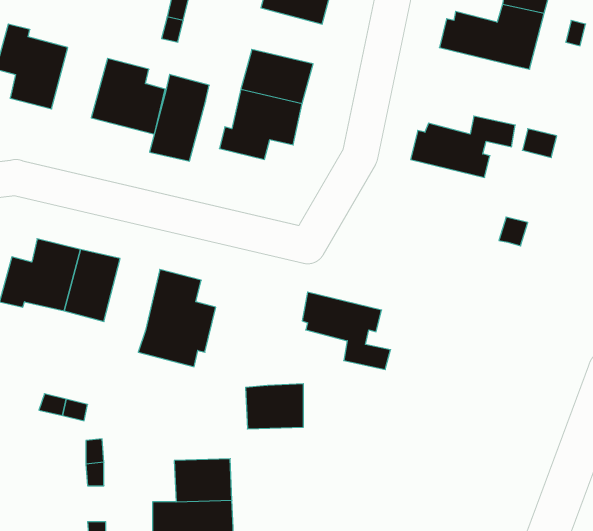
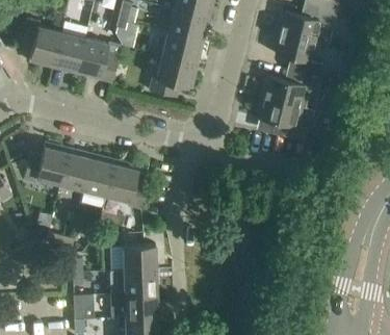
building: none -> [168,10,209,43]
building: none -> [272,33,323,78]
building: [150,74,209,161] -> [53,24,87,74]
building: none -> [83,155,115,197]
building: [302,292,391,370] -> [257,98,308,143]
building: [246,384,303,429] -> [123,246,156,272]

